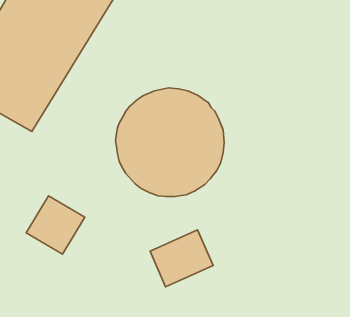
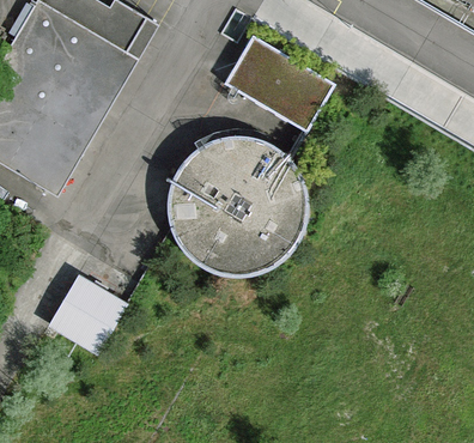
building: none -> [225,36,333,131]
building: [150,230,213,287] -> none

